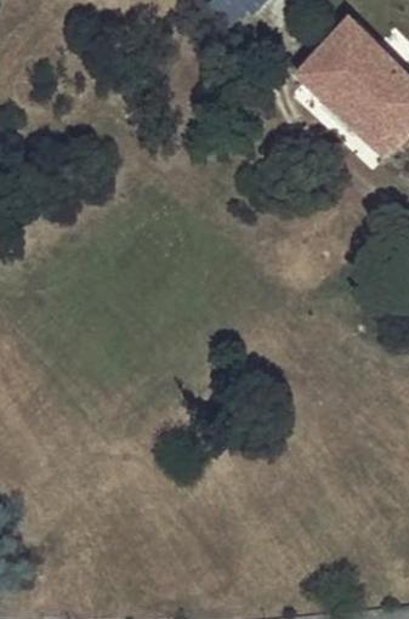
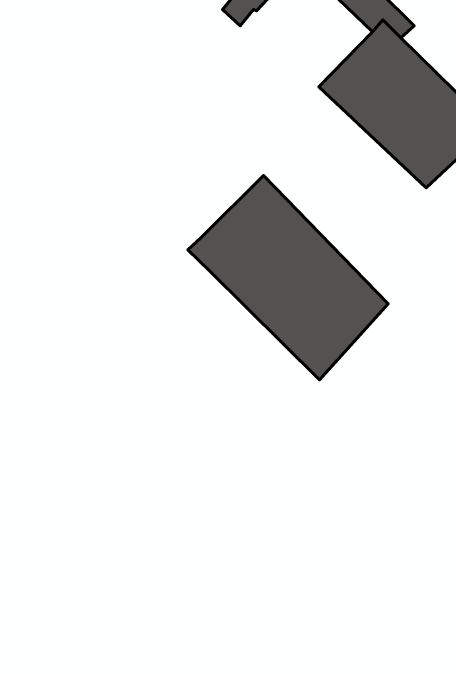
building: none -> [188,176,388,380]

